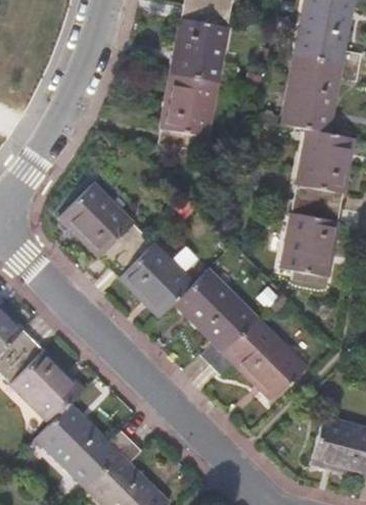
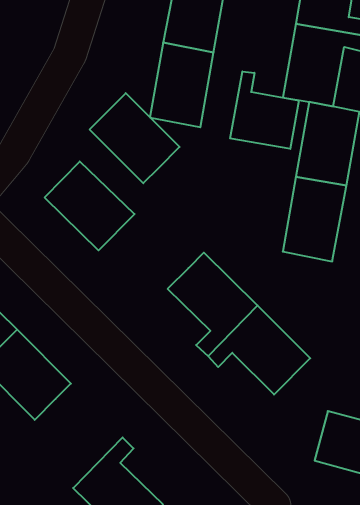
building: none -> [230,71,299,149]
building: [109,232,193,316] -> [90,93,180,183]
building: [37,404,132,487] -> none

